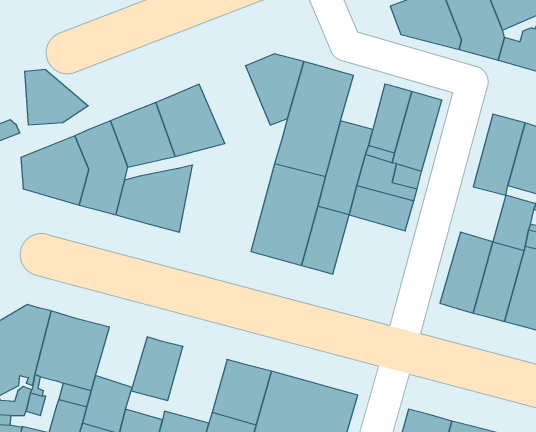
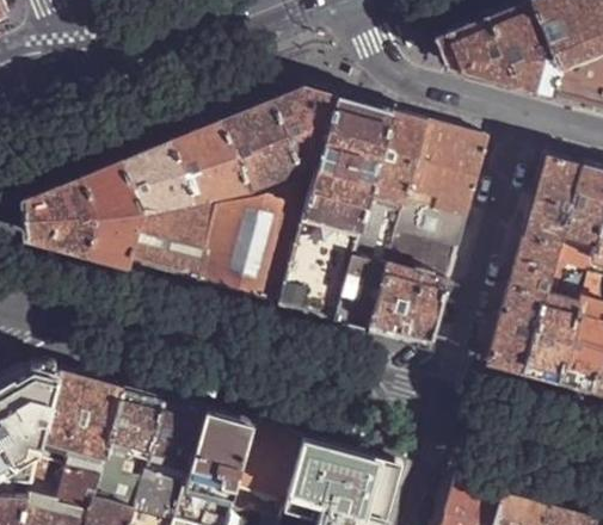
building: none -> [222,100,301,186]
building: [25,69,88,125] -> none
building: none -> [379,111,427,171]
building: none -> [201,179,314,305]
building: none -> [511,234,561,295]
building: none -> [370,265,450,347]
building: none -> [107,389,165,456]
building: none -> [184,410,253,495]

